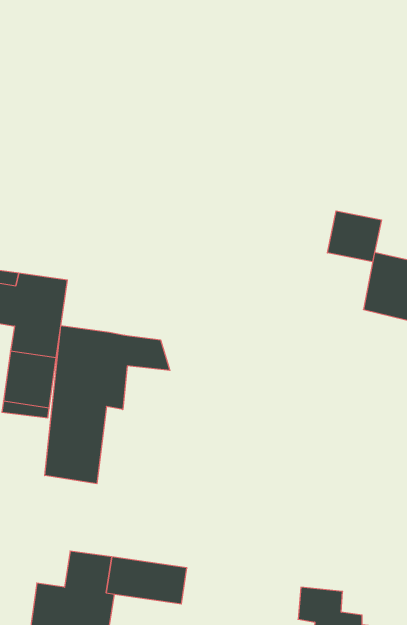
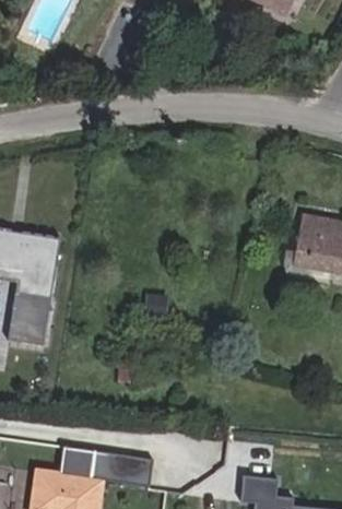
building: [327,211,381,262] -> none
building: [45,326,170,484] -> none

